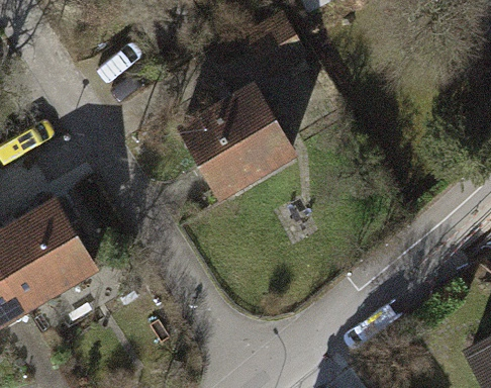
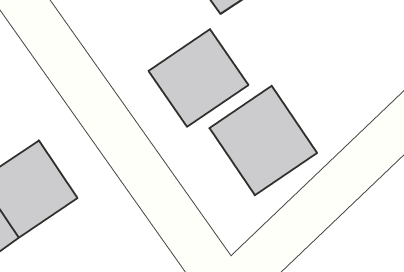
building: none -> [209,86,317,195]

